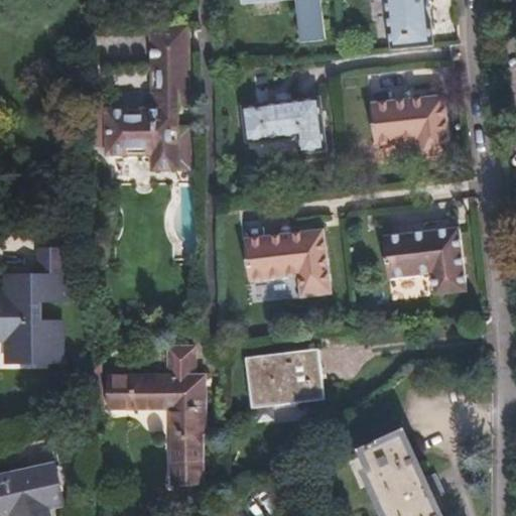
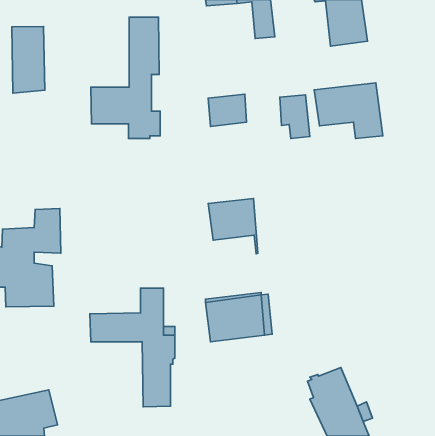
building: none -> [12,26,45,93]
building: [288,108,324,159] -> [280,95,310,138]
building: [382,227,465,296] -> none
building: [298,231,333,298] -> none

